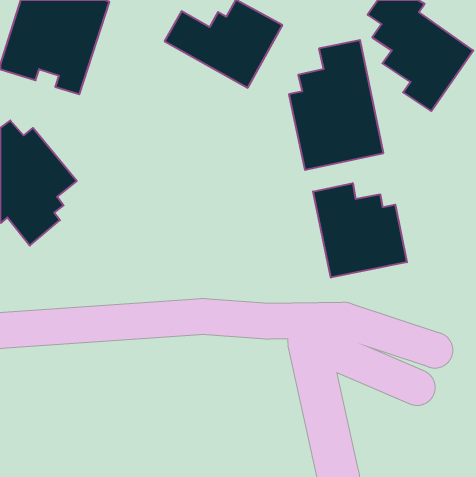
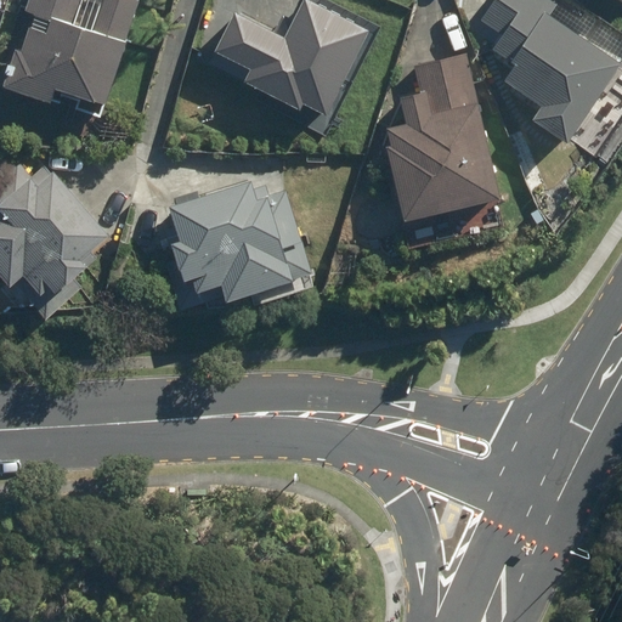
building: none -> [149,181,304,309]
building: [313,183,407,278] -> none

